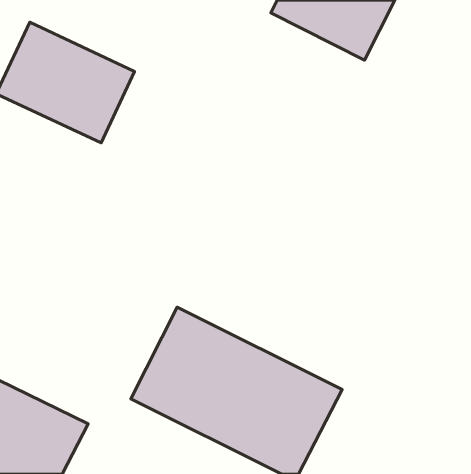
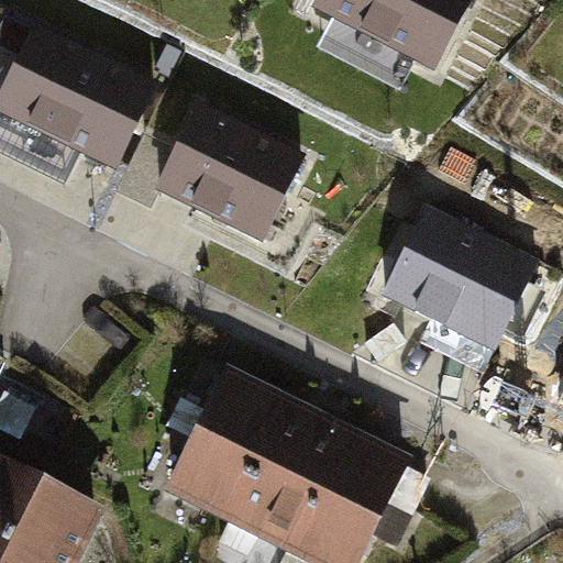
building: none -> [144,99,307,250]
building: none -> [377,207,536,352]

